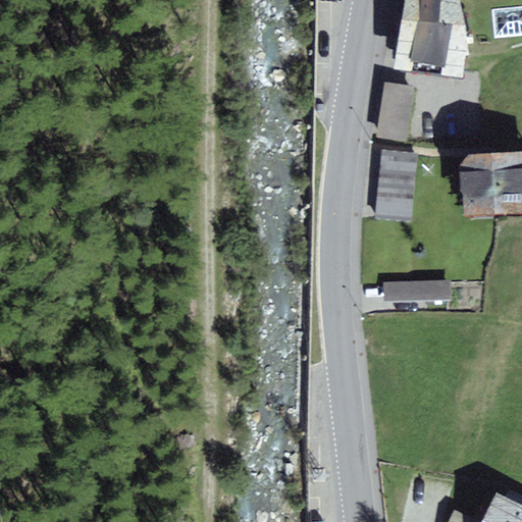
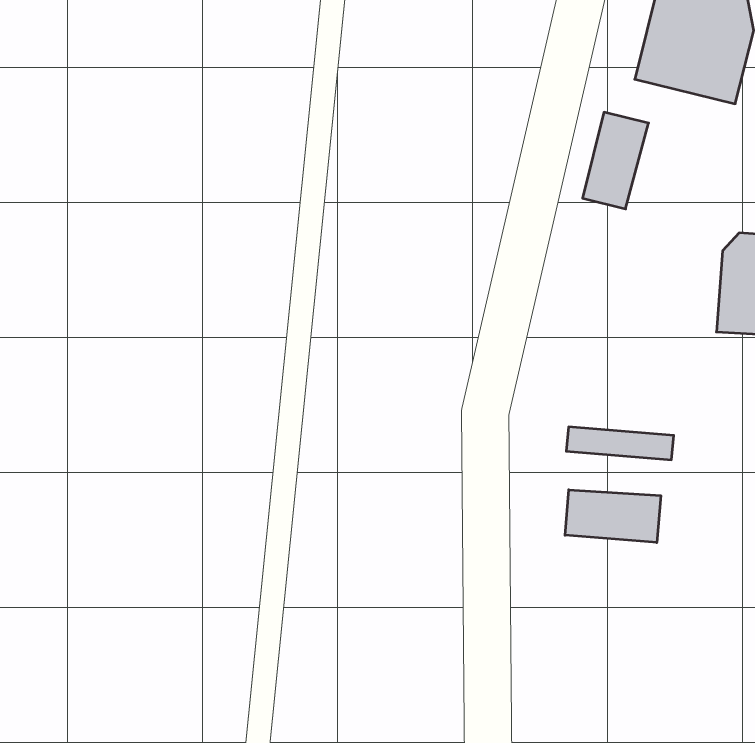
building: [372,153,414,221] -> none
building: none -> [565,490,661,543]

